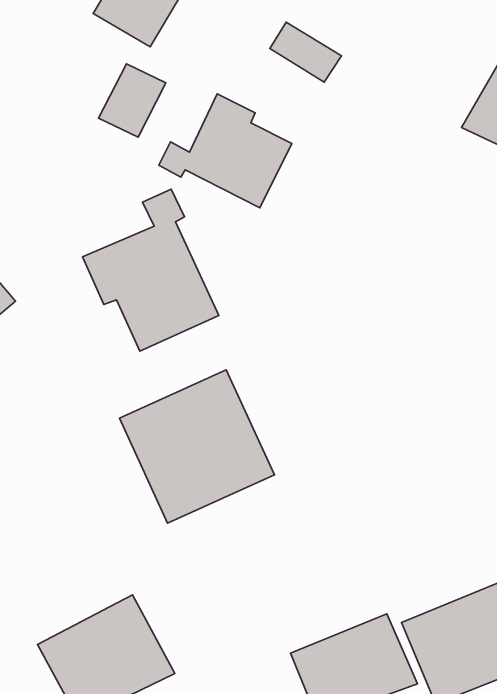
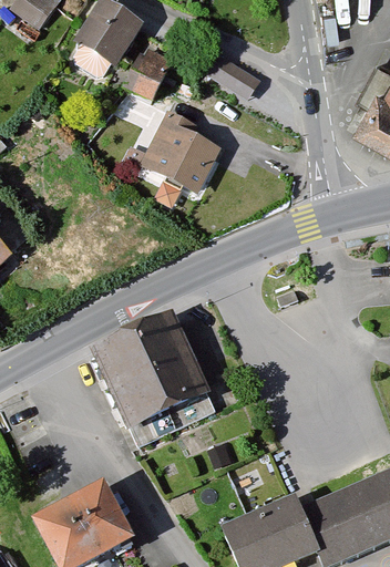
building: [99,64,166,137] -> [121,38,172,93]
building: [82,189,219,351] -> none

